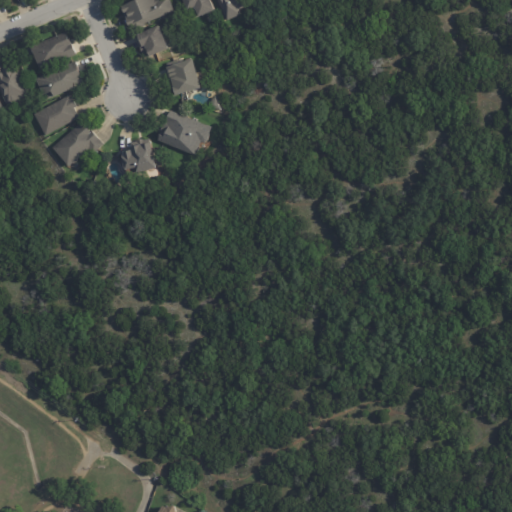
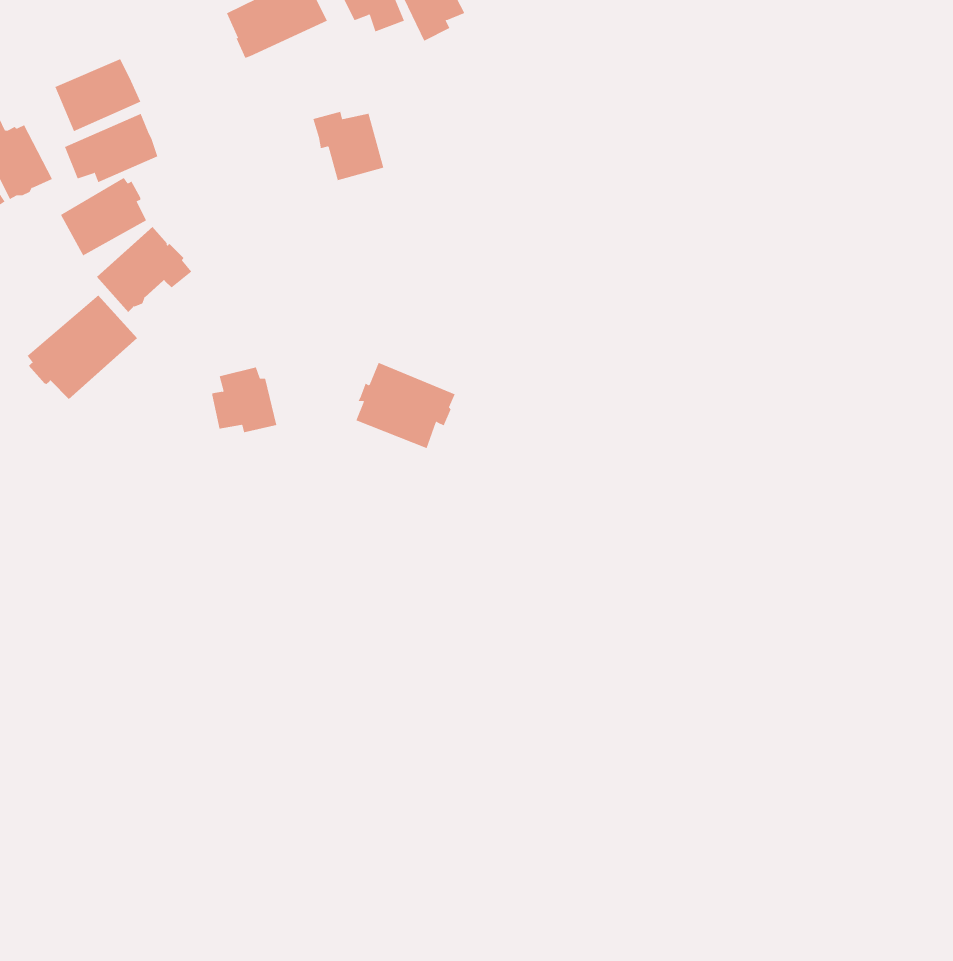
building: [137,23,169,55] -> none
building: [158,110,211,156] -> [356,362,455,449]
building: [119,138,154,173] -> [211,367,277,433]
building: none -> [27,294,138,400]

